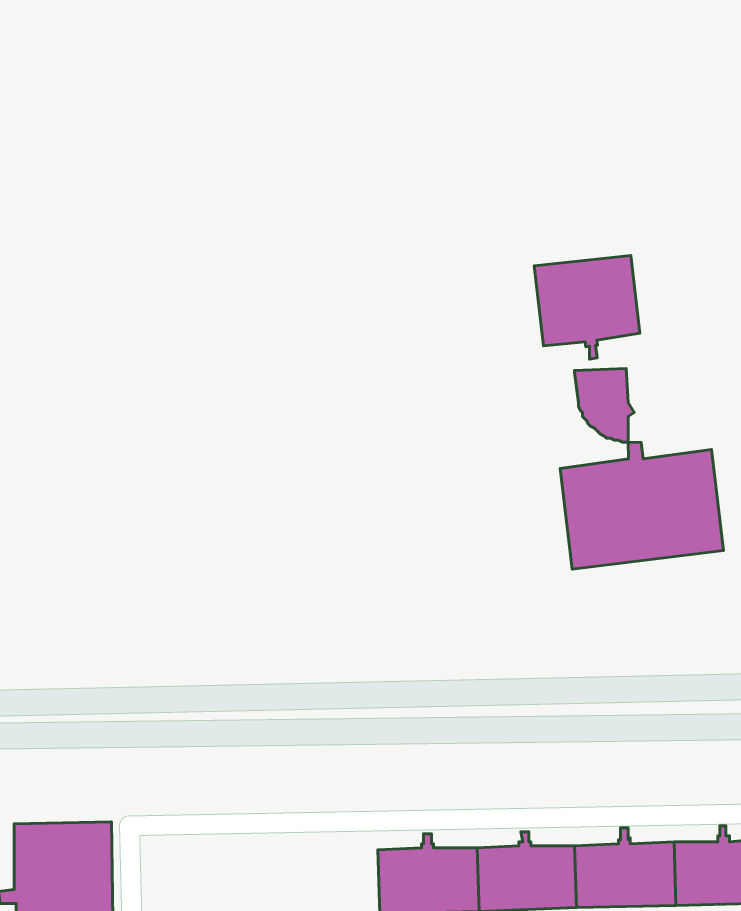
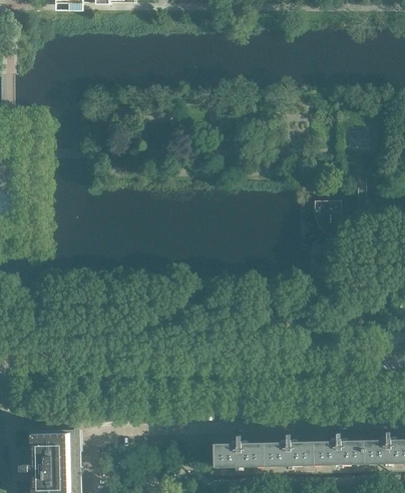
building: [534,256,640,359] -> none
building: [560,442,723,569] -> none

